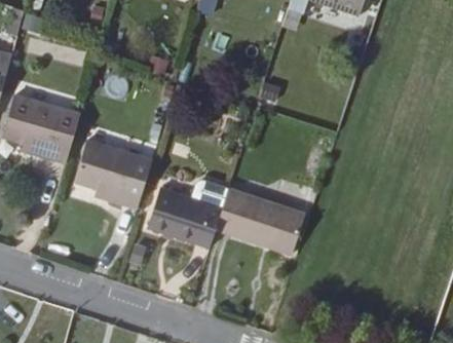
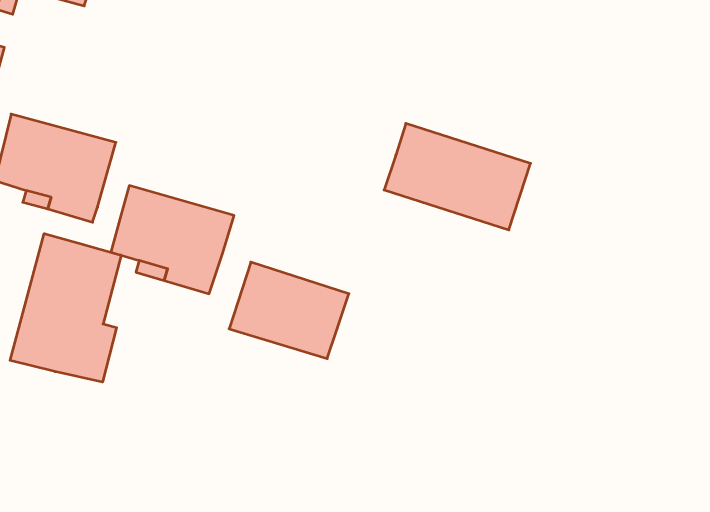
building: none -> [10,234,121,382]
building: [213,187,303,253] -> [384,123,531,230]

